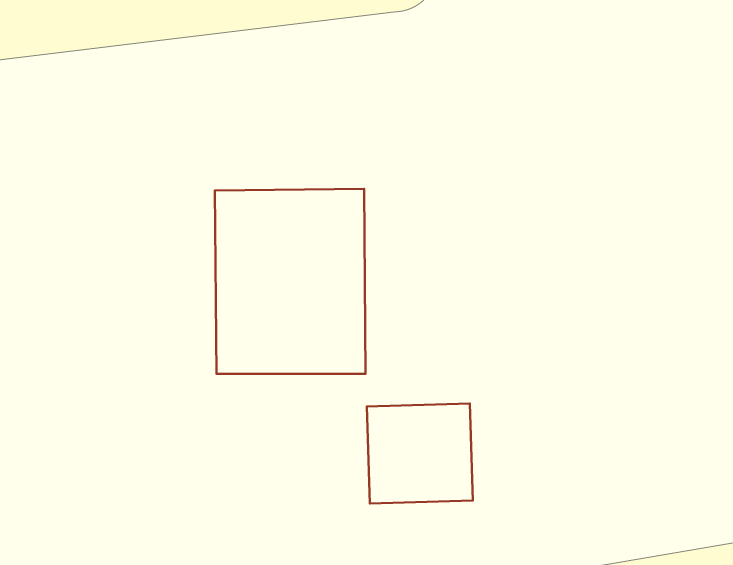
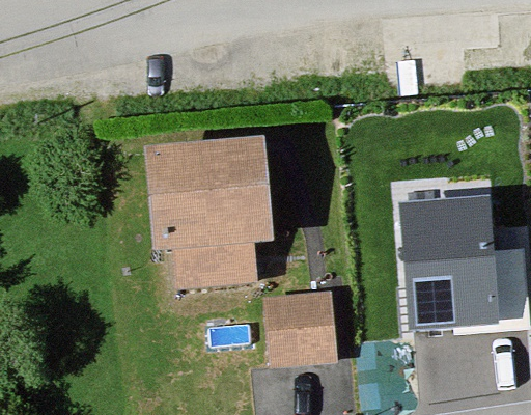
building: none -> [400,191,501,326]

